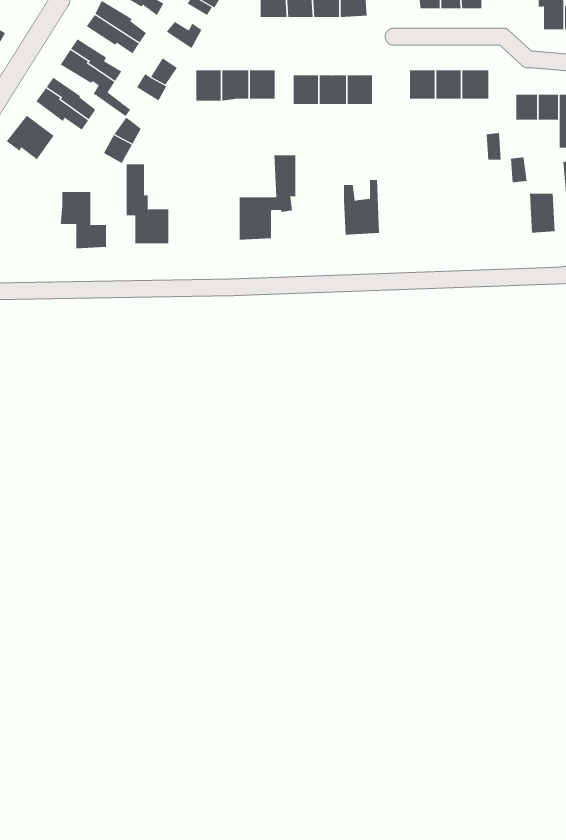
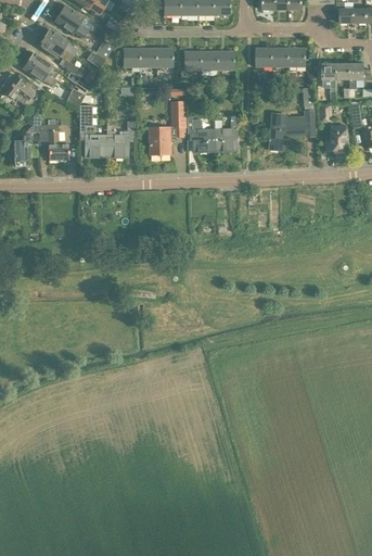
building: none -> [269,110,315,150]
building: none -> [13,113,39,165]
building: none -> [188,116,216,151]
building: none -> [106,122,133,156]

